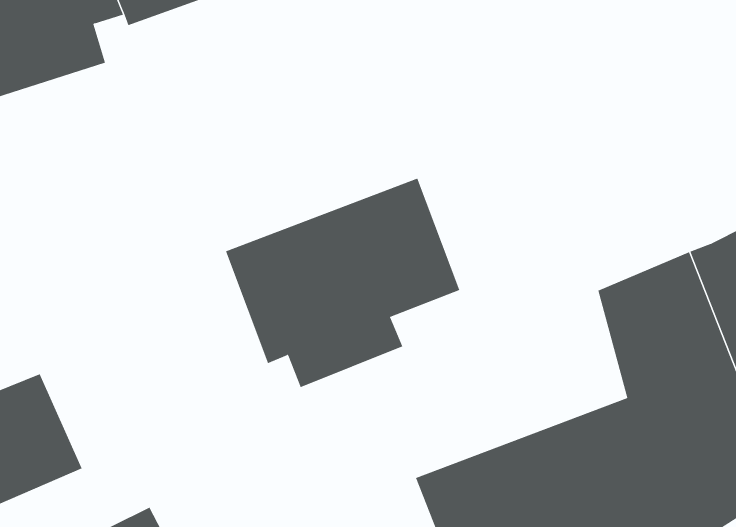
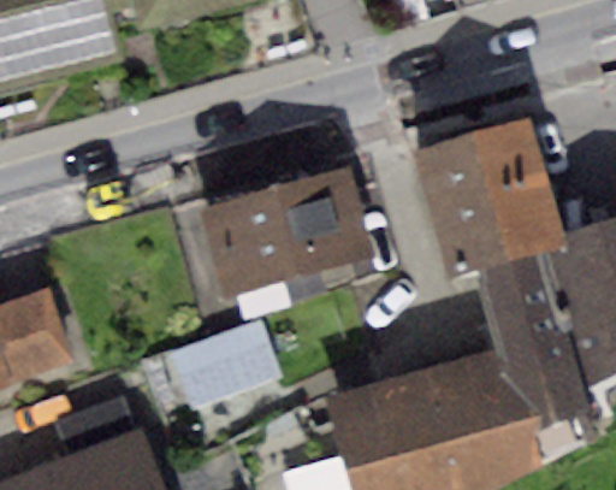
building: none -> [415,118,563,272]
building: none -> [167,319,279,409]

